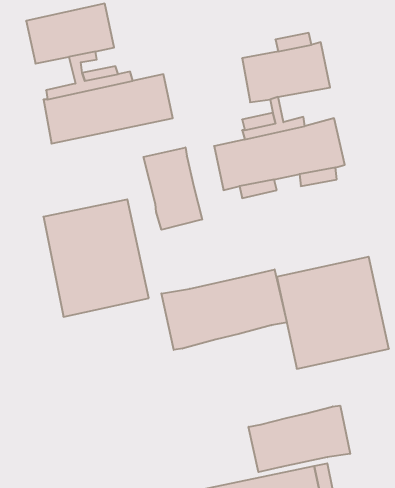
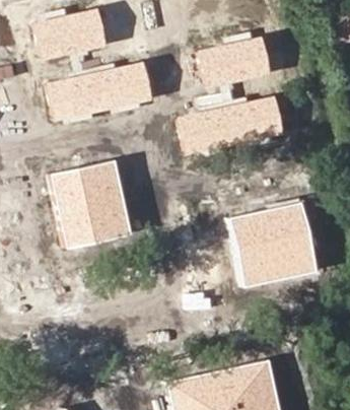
building: [143,147,202,230] -> none
building: [161,269,287,350] -> none
building: [249,406,350,472] -> none

